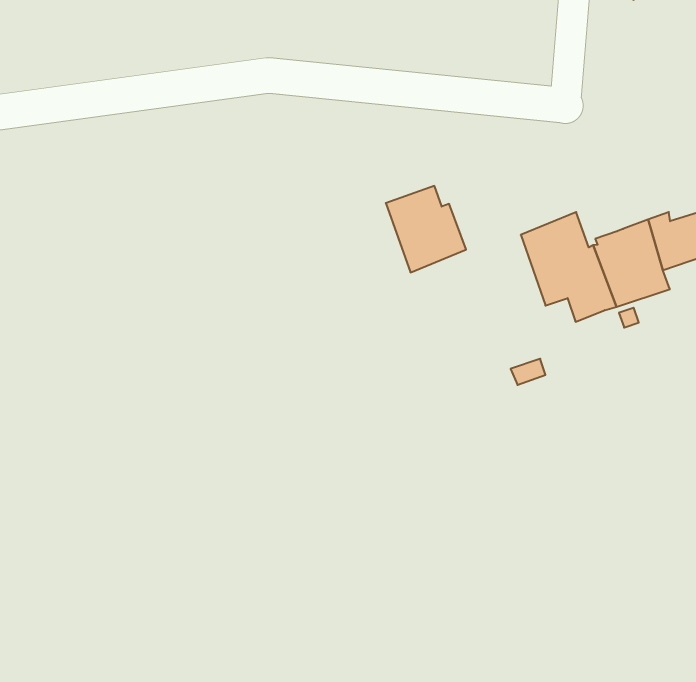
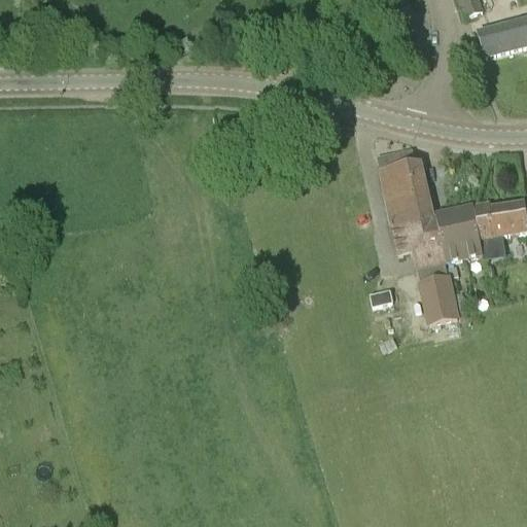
building: [386,186,466,272] -> [378,147,427,203]
building: none -> [420,276,457,321]

